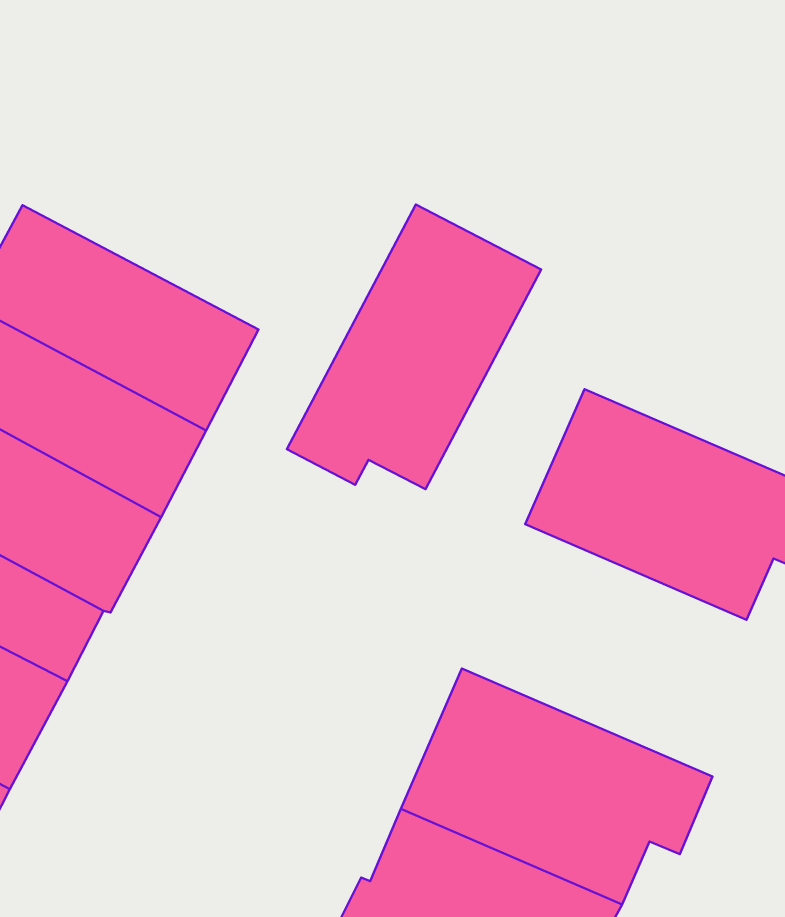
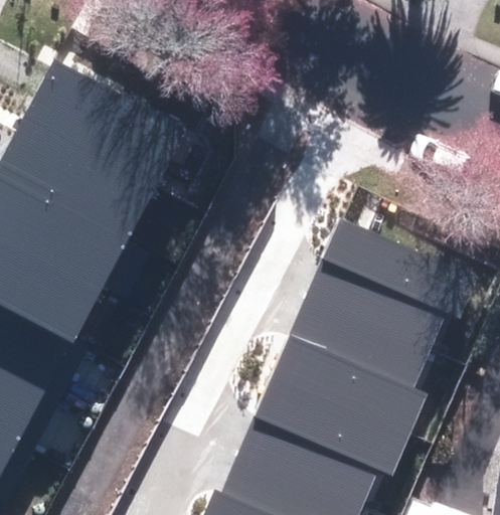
building: none -> [25,61,187,186]
building: [287,205,541,489] -> none
building: none -> [271,295,430,436]

